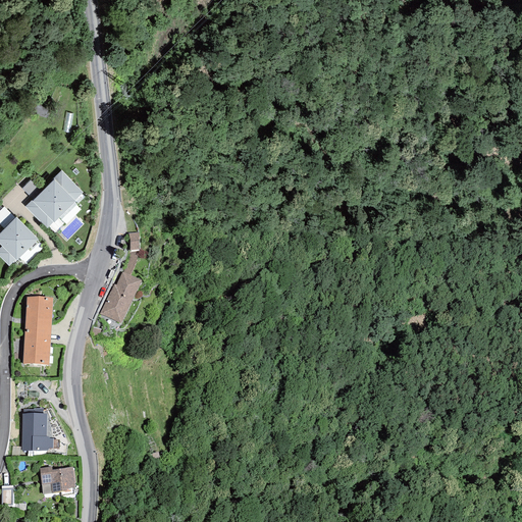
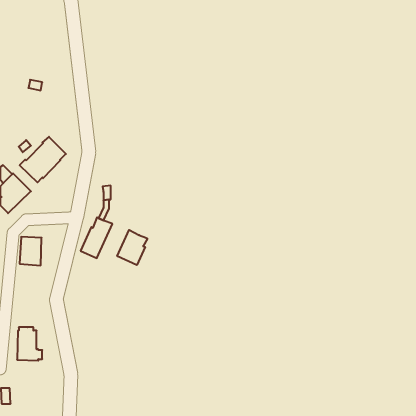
building: none -> [117,230,147,265]
building: [23,330,51,365] -> none
building: [39,467,75,494] -> none

